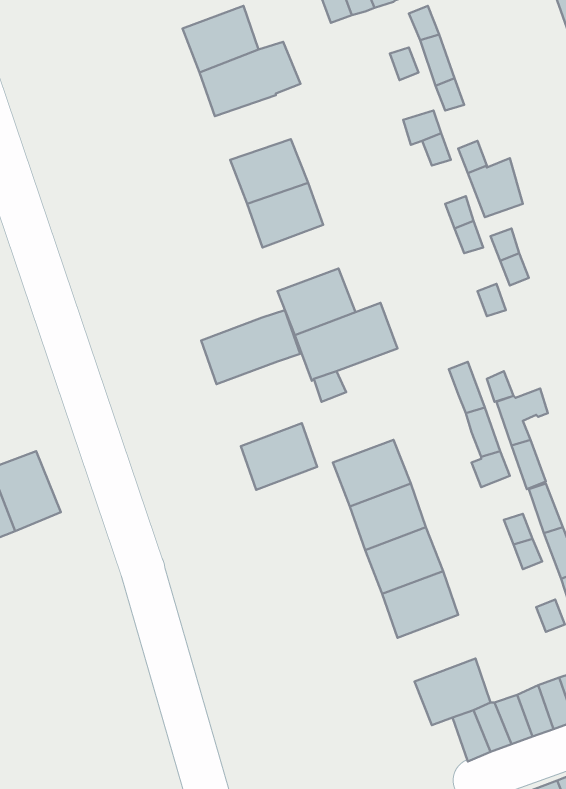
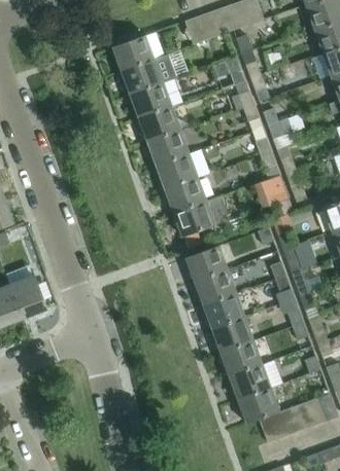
building: none -> [130,82,171,117]
building: [201,310,300,384] -> [156,148,209,188]
building: [241,423,317,490] -> [185,245,227,281]
building: none -> [229,363,271,399]

